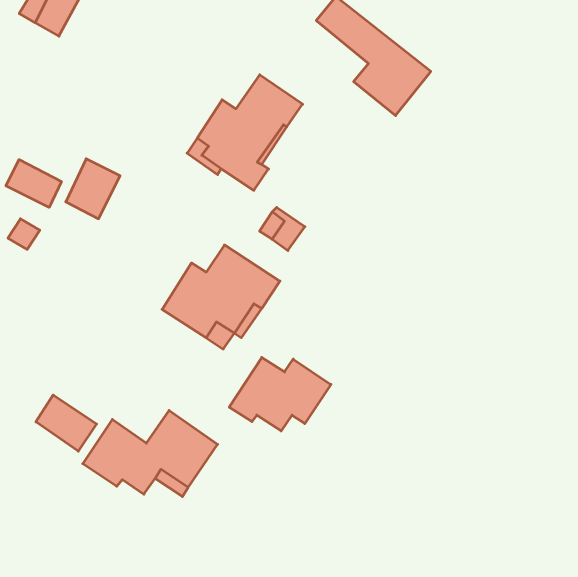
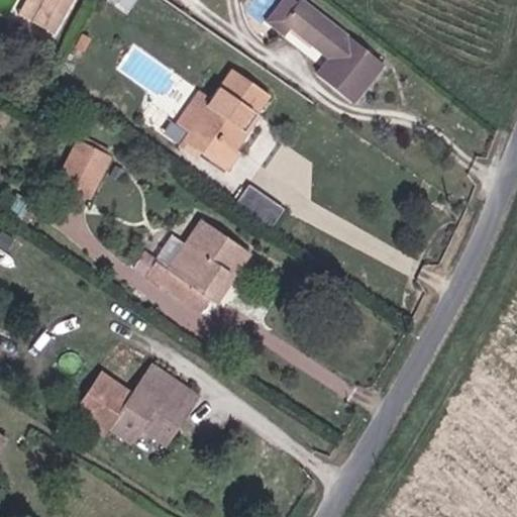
building: [6,160,61,207] -> none
building: [229,357,331,431] -> none
building: [36,395,97,451] -> none

